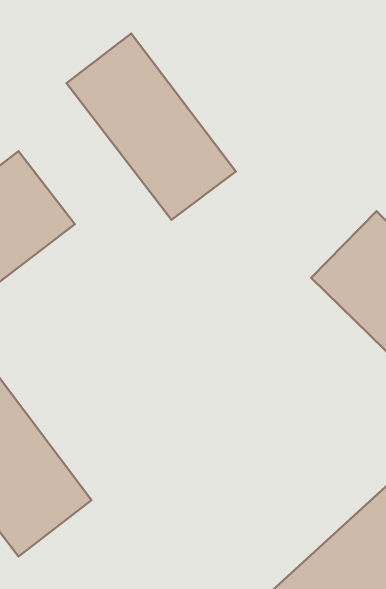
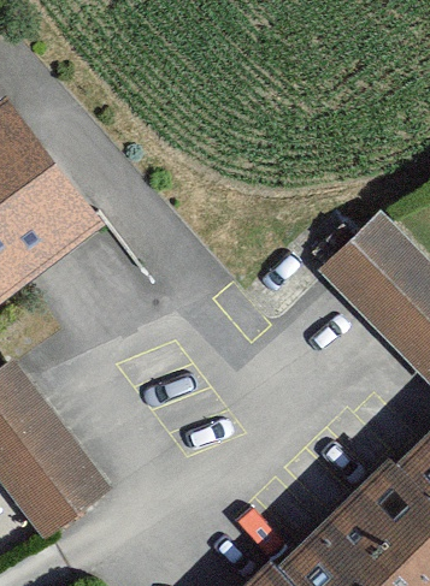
building: [67,34,236,220] -> none

